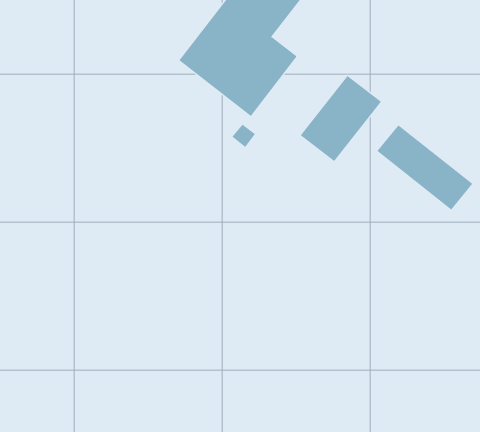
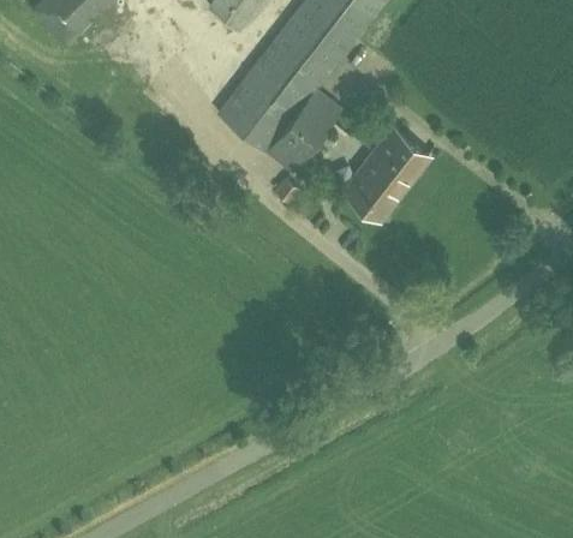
building: [376,124,473,210] -> none

